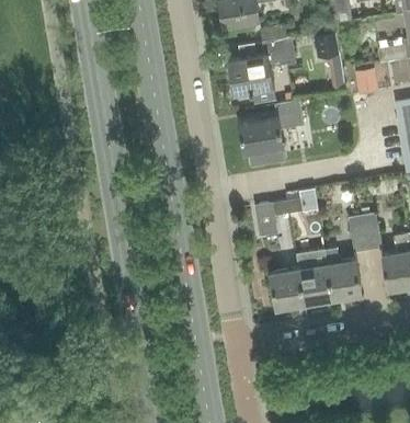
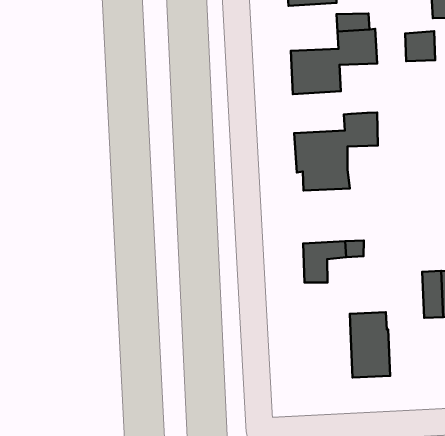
building: [324,249,362,299] -> none
building: [270,268,305,309] -> none

